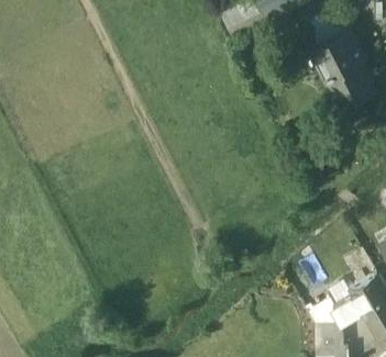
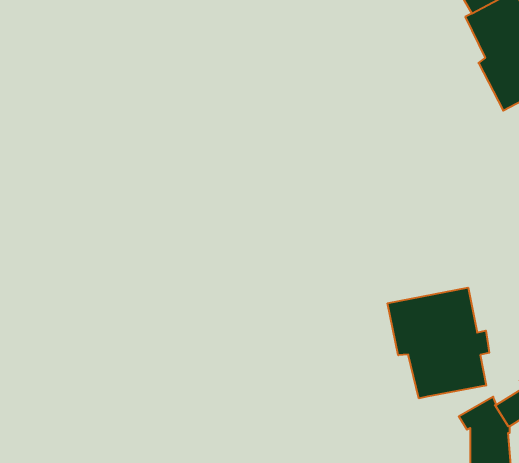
building: none -> [388,288,489,398]

